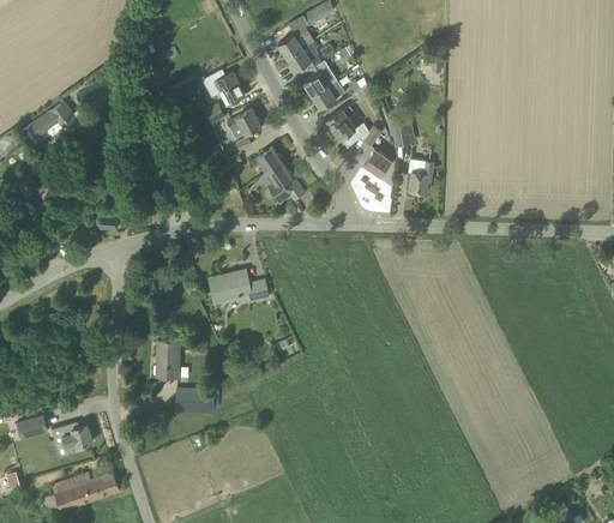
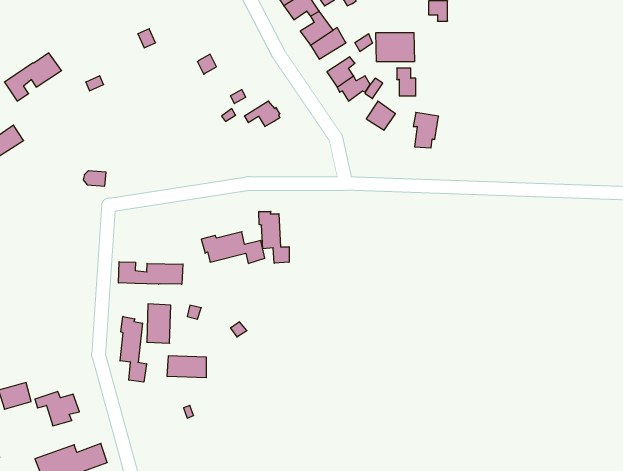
building: [206,70,246,104] -> none
building: none -> [376,33,414,62]
building: [228,109,261,138] -> none
building: [265,163,305,202] -> none
building: none -> [259,211,289,263]
building: none -> [119,262,183,284]
building: none -> [120,316,147,382]

